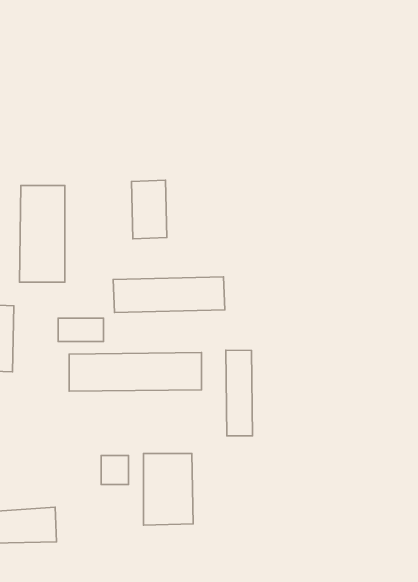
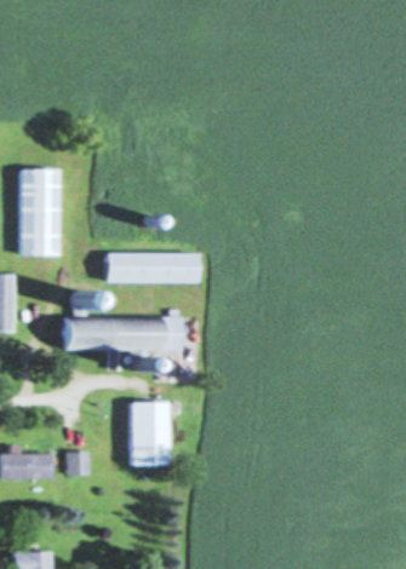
building: [131,180,167,239] -> none
building: [226,350,252,436] -> none
building: [101,455,129,484] -> [65,453,90,478]

